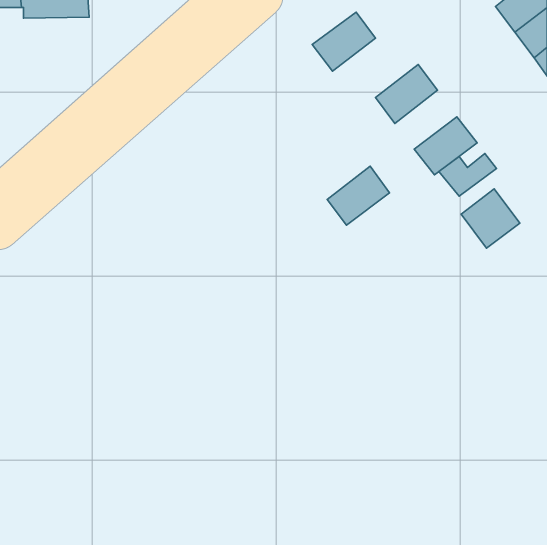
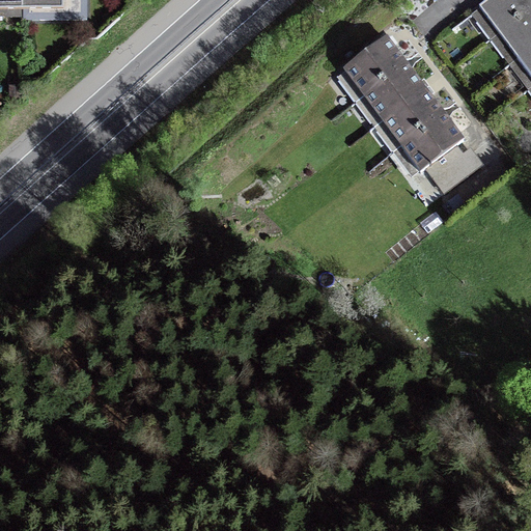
building: [312,12,375,71] -> [343,37,404,94]
building: [327,166,389,225] -> [382,87,442,144]
building: [461,189,520,248] -> none

